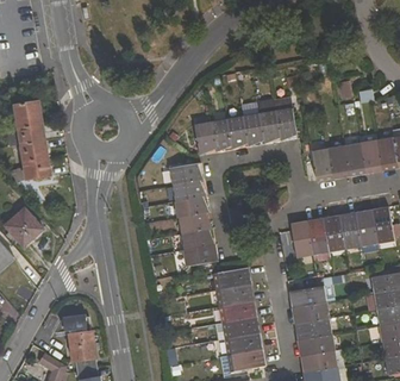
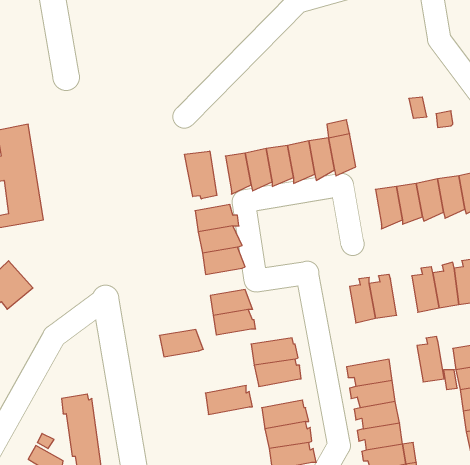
building: none -> [185,151,217,199]
building: [177,213,212,235] -> [159,330,203,357]
building: [323,214,344,250] -> [417,337,444,382]
building: [219,300,256,323] -> [205,386,252,414]

